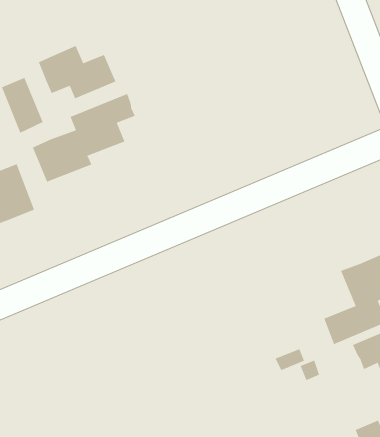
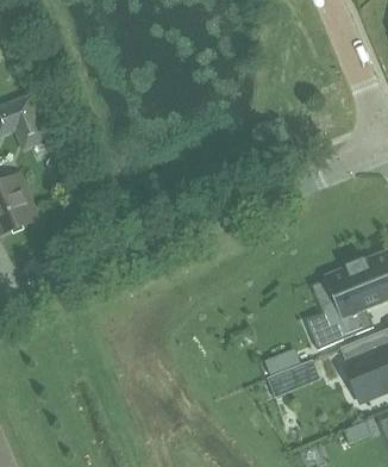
building: [38,45,116,99] -> none
building: [32,93,136,183] -> none

